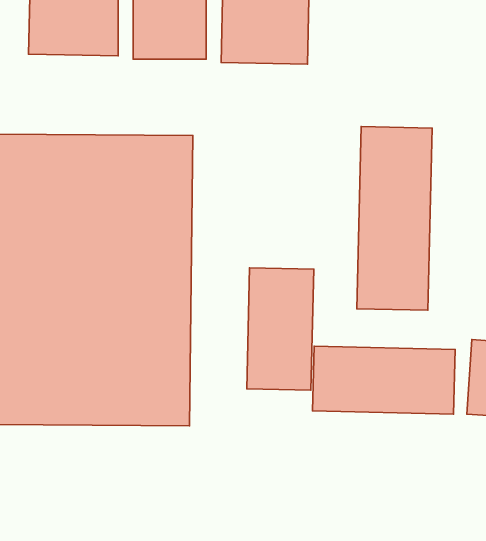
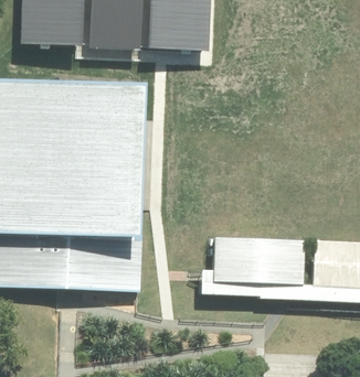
building: [357,127,432,310] -> none
building: [247,268,314,390] -> none

